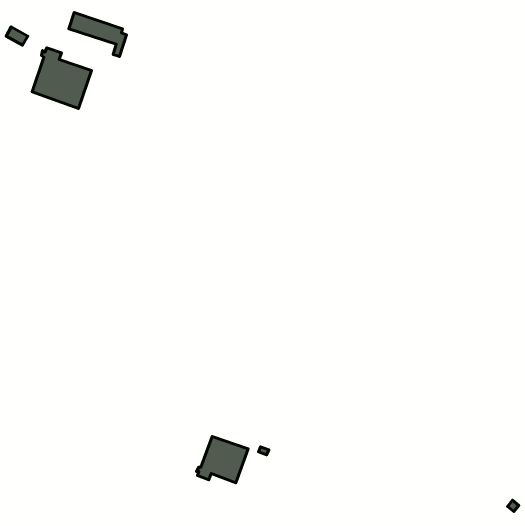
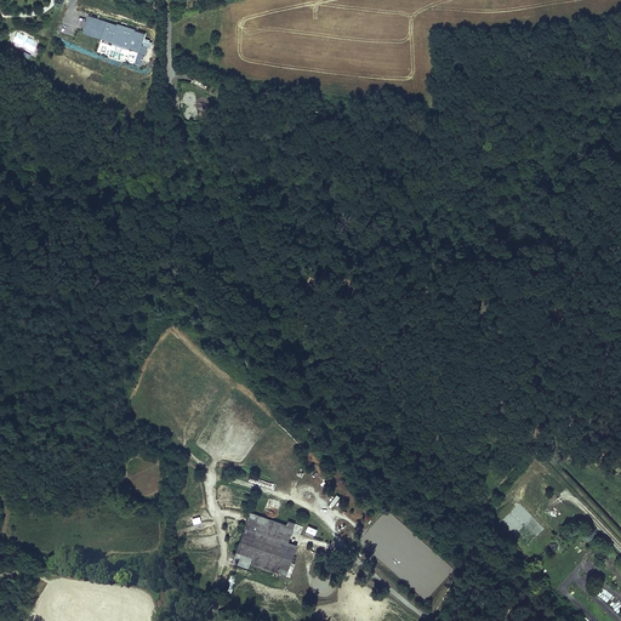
building: [32,48,92,108] -> none

